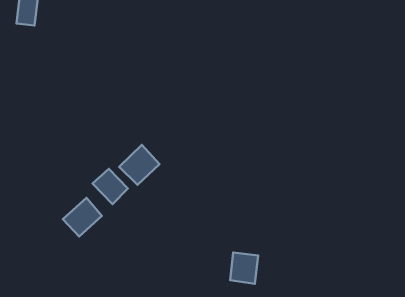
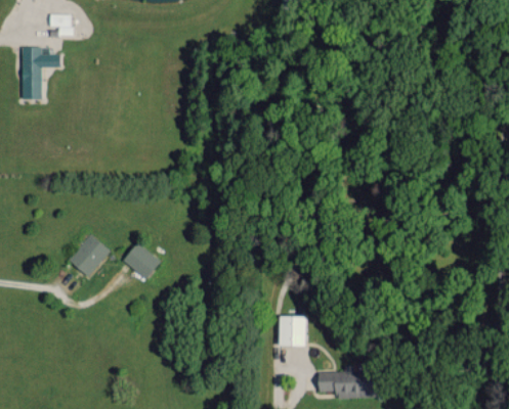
building: [119,145,159,185] -> none
building: [63,198,102,236] -> [69,234,110,276]

